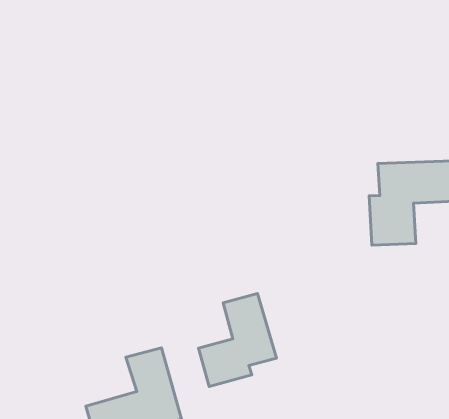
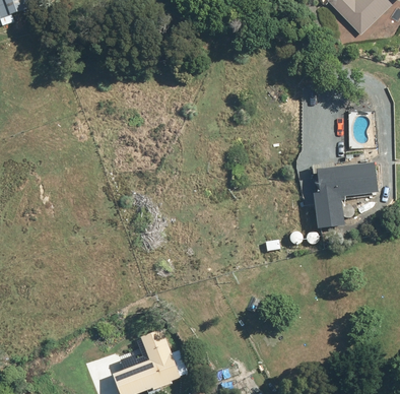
building: [198,294,276,386] -> none

